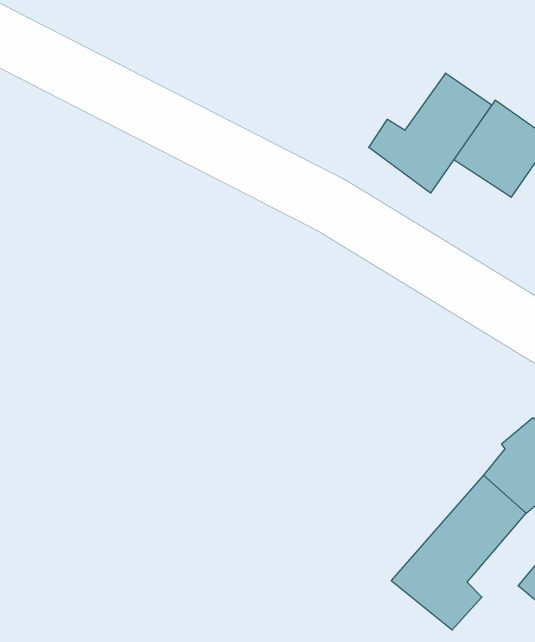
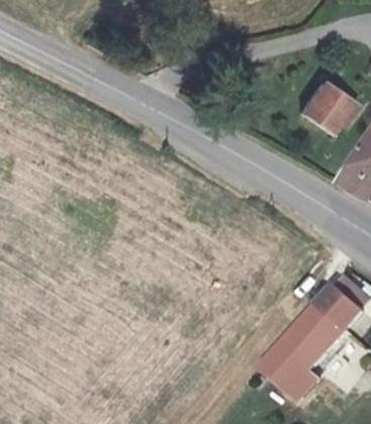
building: [369,73,492,193] -> none

